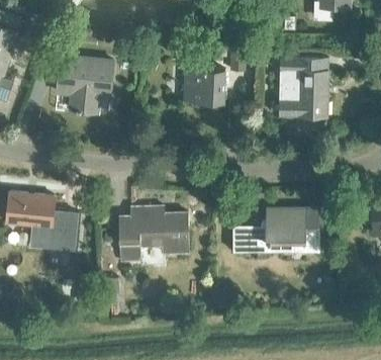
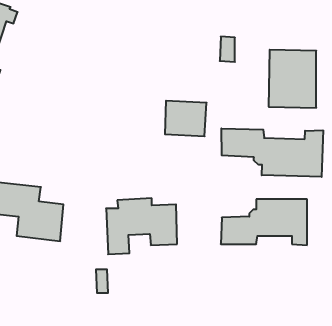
building: [58,57,113,114] -> none
building: [185,69,226,104] -> [165,101,207,136]
building: none -> [221,128,323,177]

